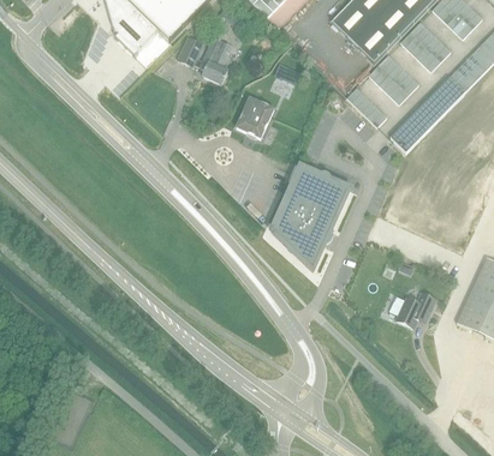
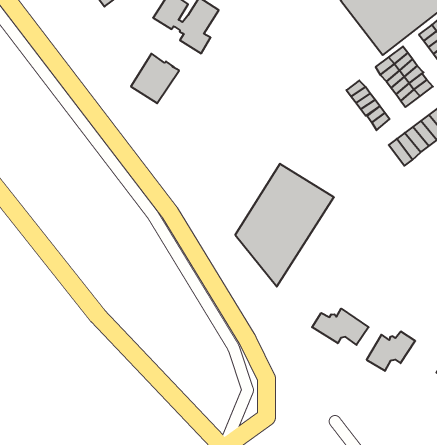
building: [236,96,274,137] -> [131,54,179,103]
building: none -> [312,309,369,345]

